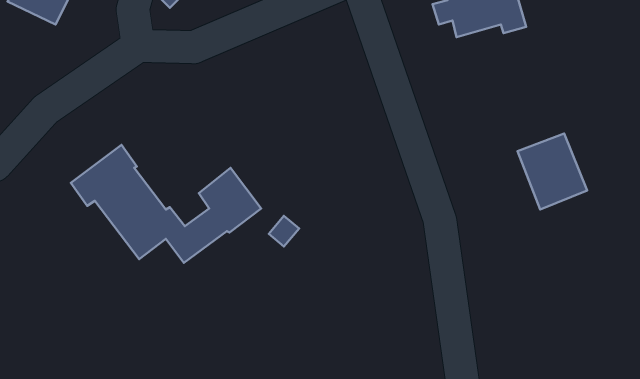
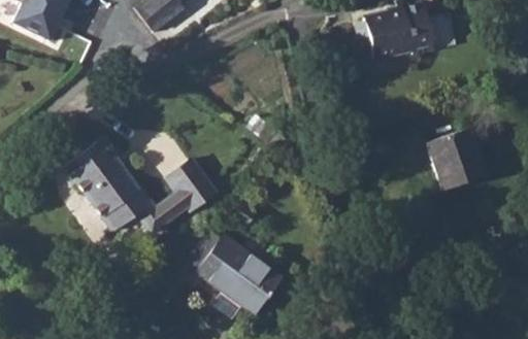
building: none -> [184,228,283,317]

